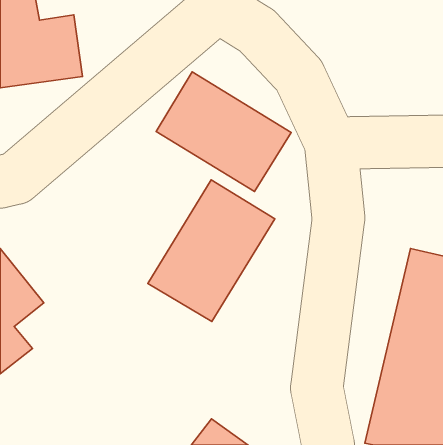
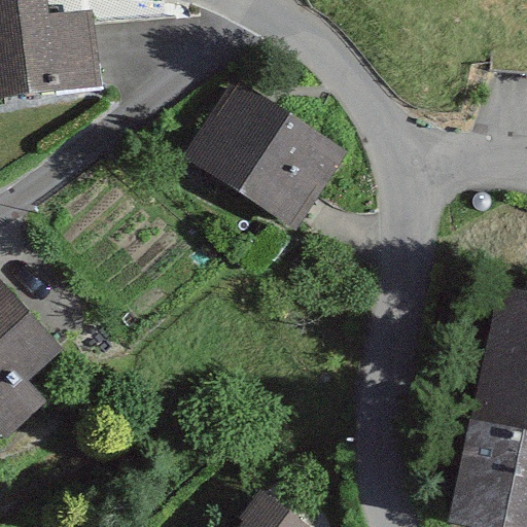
building: [148,180,275,322] -> none

